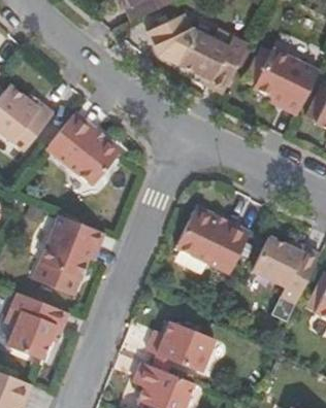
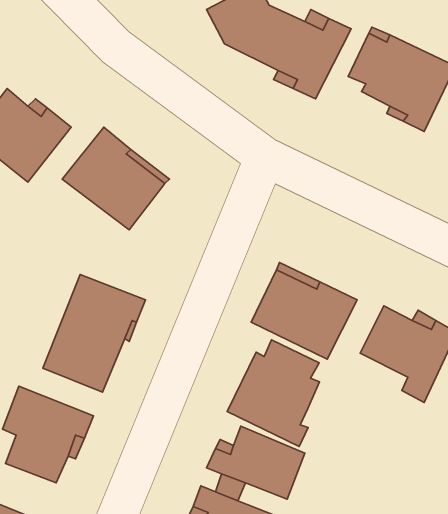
building: none -> [227,340,319,447]

